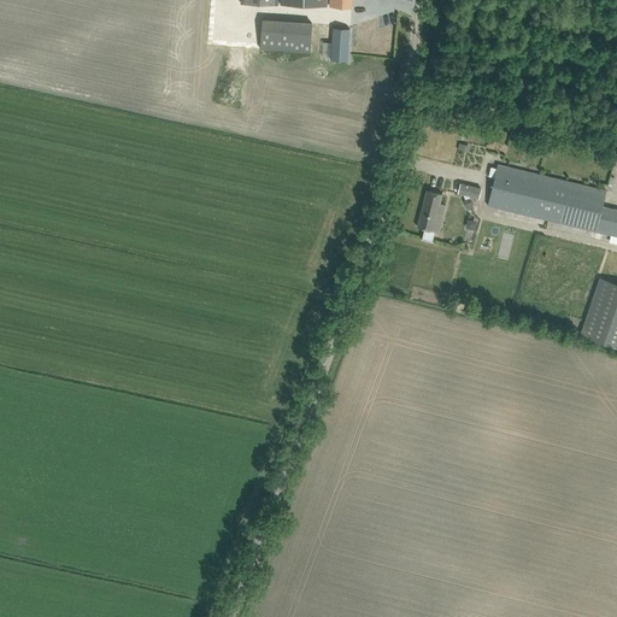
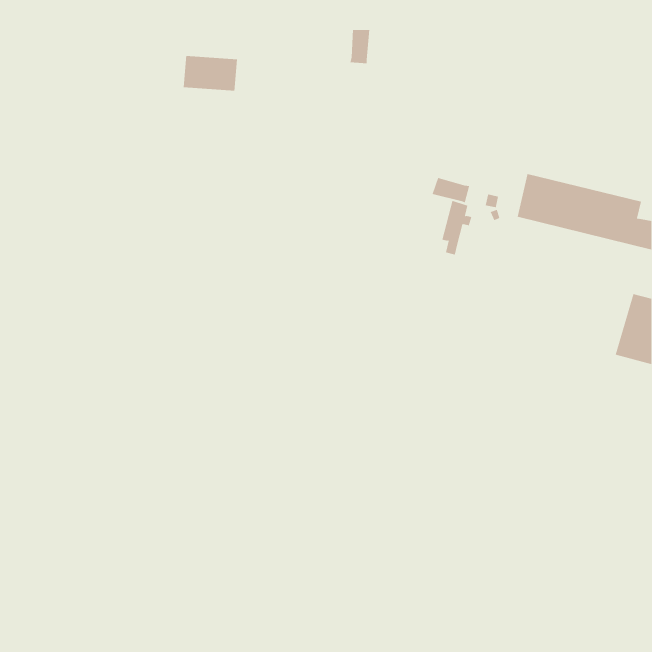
building: [260,19,312,53] -> [183,55,238,91]
building: none -> [432,177,470,203]

